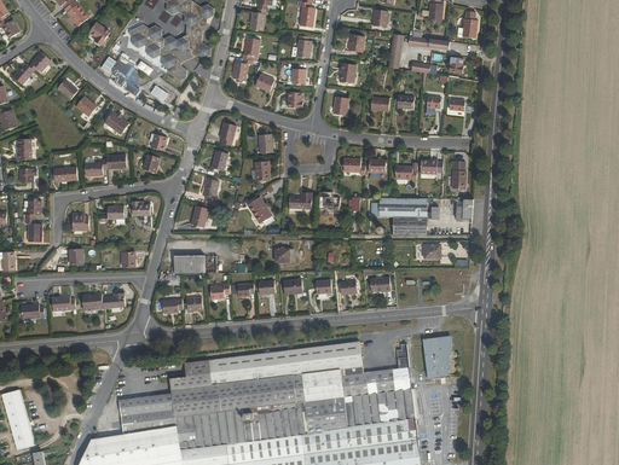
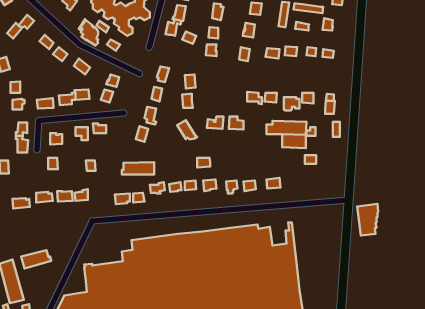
building: [422,335,451,378] -> [357,204,378,236]
building: none -> [21,250,51,269]

